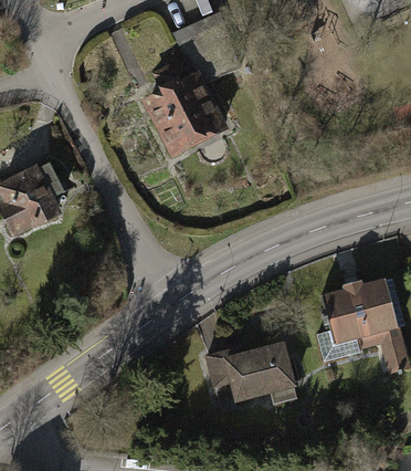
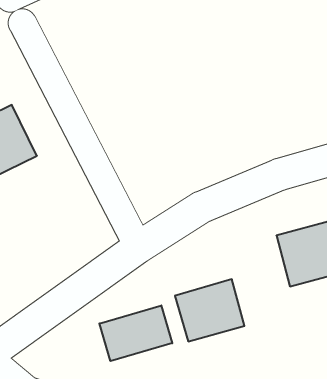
building: [136,72,214,156] -> none
building: none -> [99,305,172,361]

